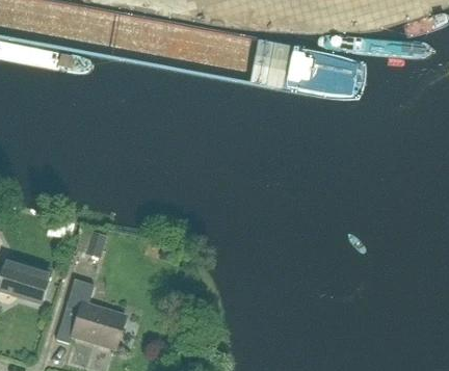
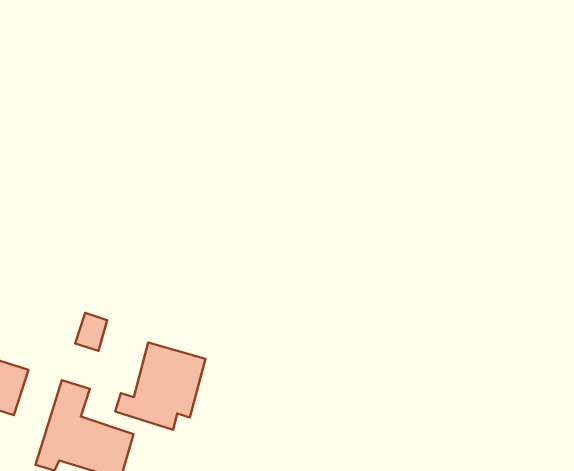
building: none -> [115,343,206,430]

